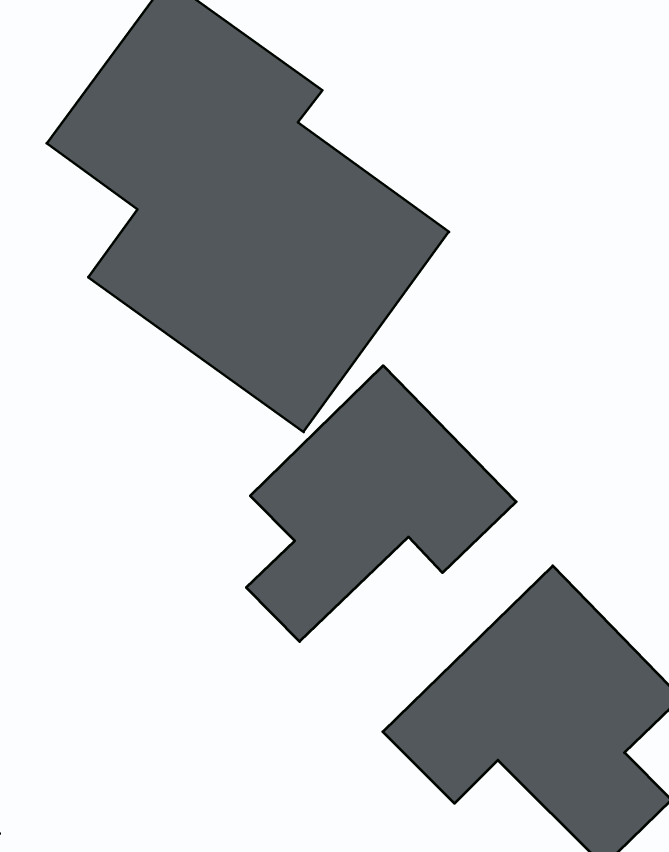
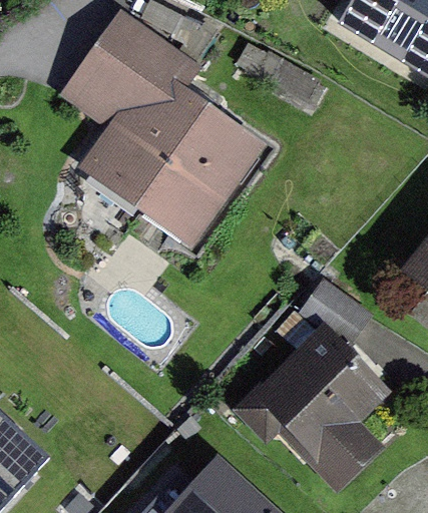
building: [246,366,516,642] -> none

